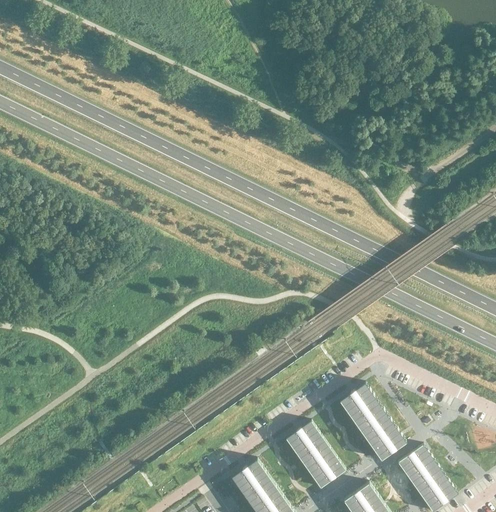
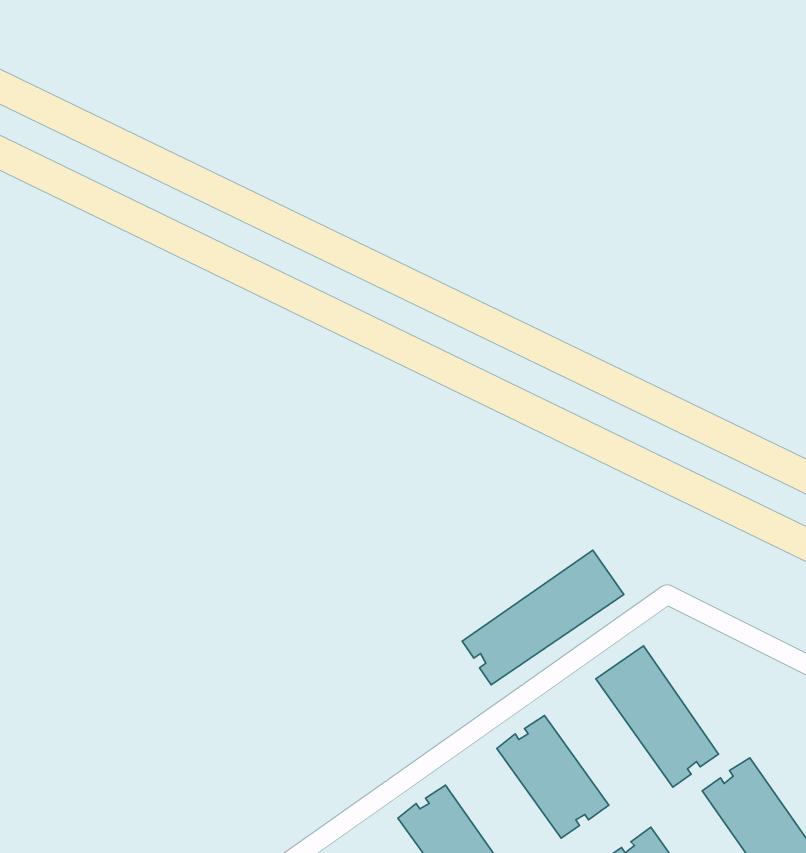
building: none -> [462,550,624,685]

